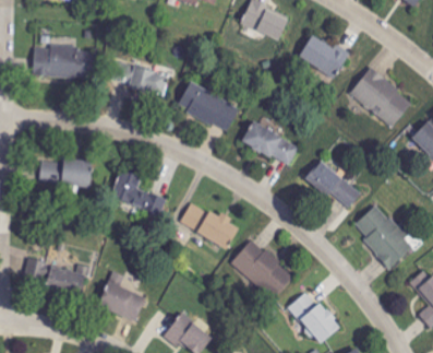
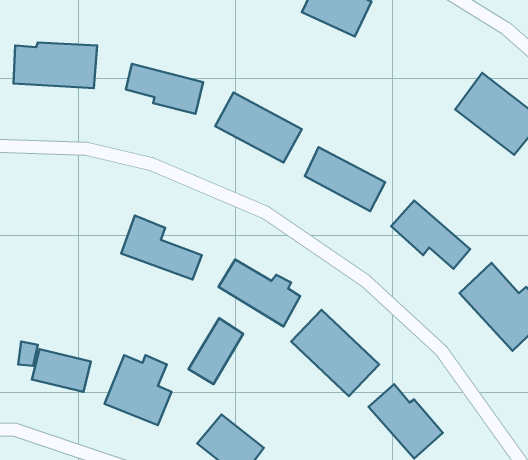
building: [298,35,349,79] -> none
building: [39,160,91,187] -> none
building: none -> [189,318,243,384]

